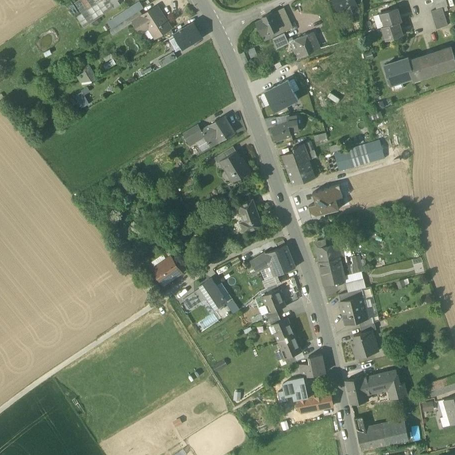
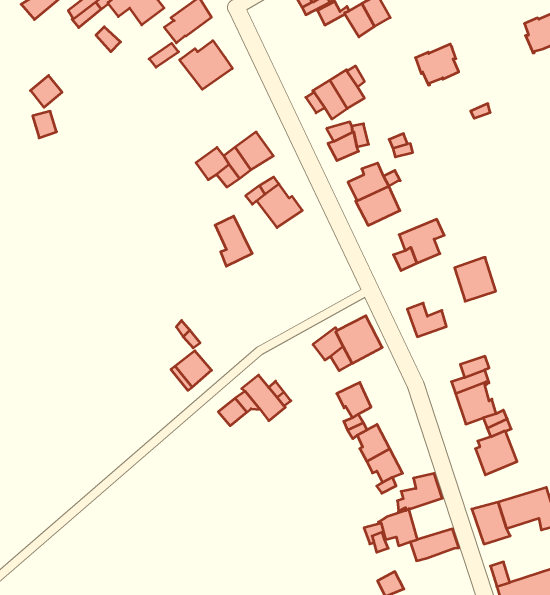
building: none -> [180,41,232,89]
building: [384,58,412,84] -> [415,44,459,85]
building: [345,140,384,168] -> none
building: [240,200,263,233] -> [215,216,252,266]
building: [319,257,345,285] -> [455,257,496,301]

